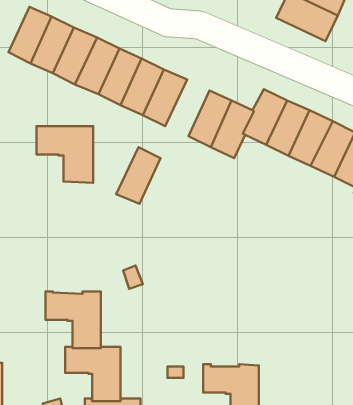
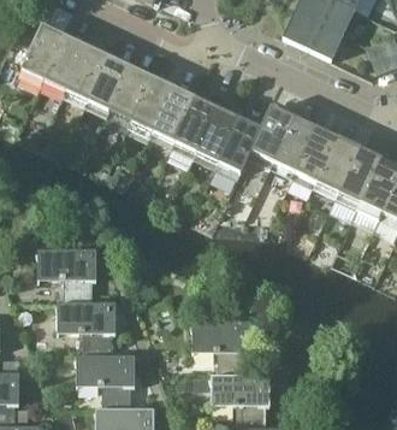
building: [36,126,93,183] -> [38,251,94,306]
building: [116,147,161,204] -> [174,96,218,152]
building: none -> [192,322,247,377]

